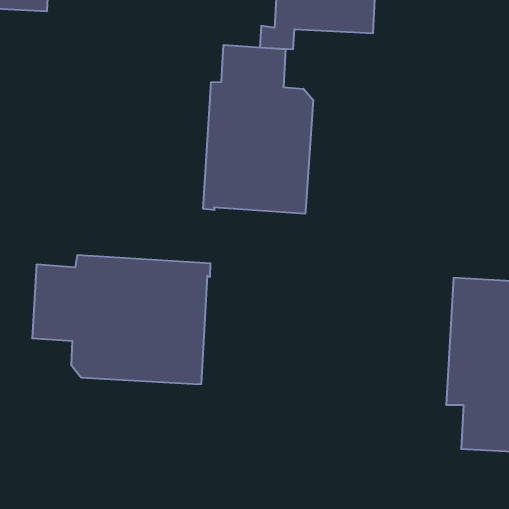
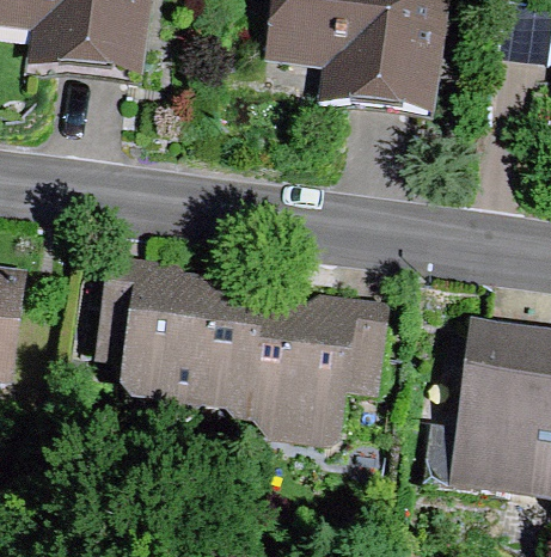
building: [203,45,313,214] -> none
building: none -> [241,312,385,445]

